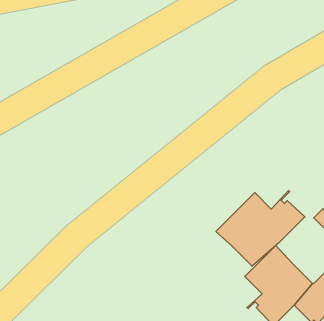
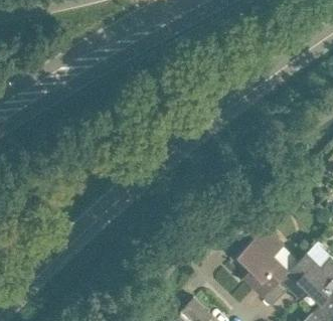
building: [216,191,305,266] -> none

